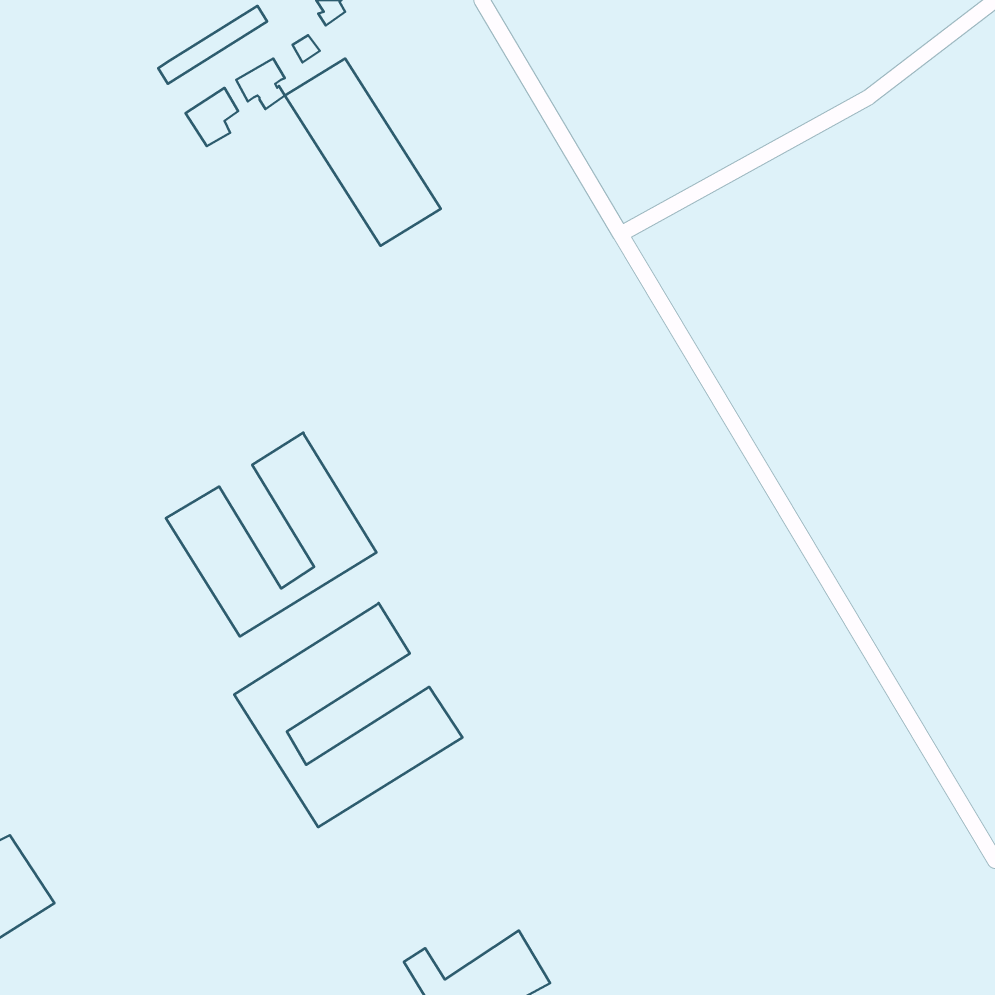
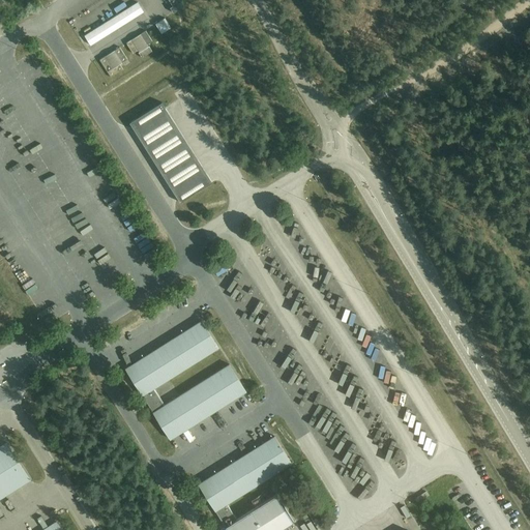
building: [285,59,441,246] -> [128,104,211,203]
building: [166,432,377,636] -> none
building: none -> [198,437,290,511]

